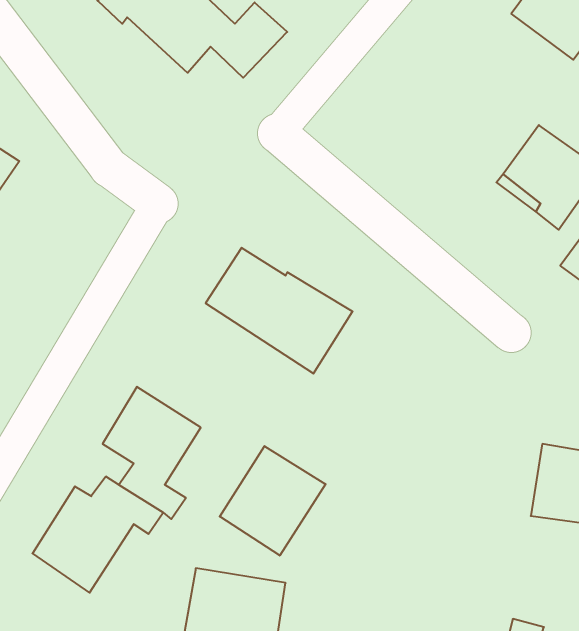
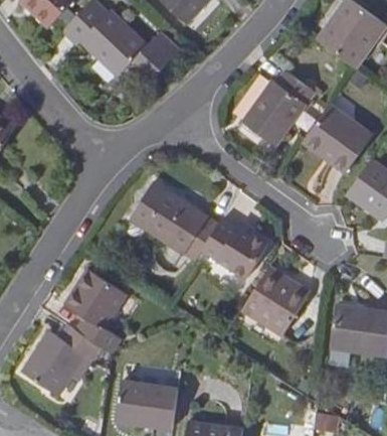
building: none -> [243,70,315,144]
building: none -> [203,220,269,278]
building: none -> [241,266,312,336]
building: [220,446,326,556] -> none

